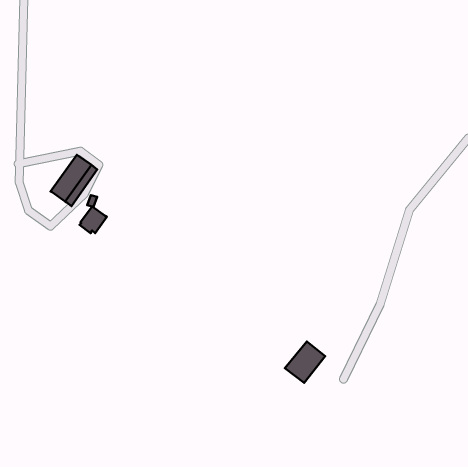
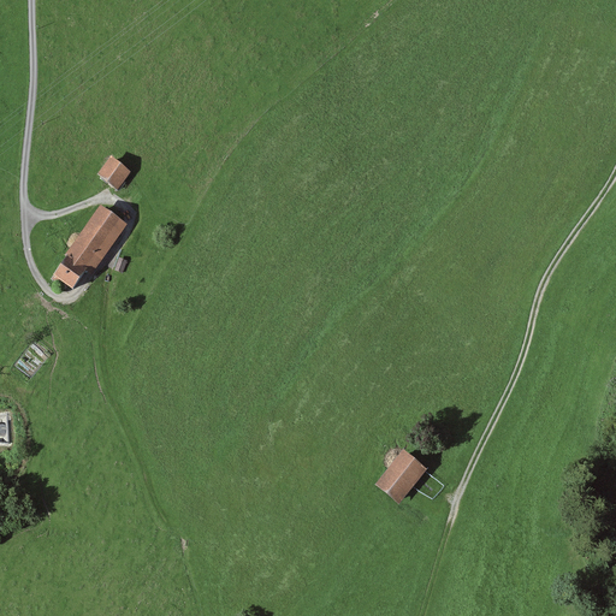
building: none -> [97,155,132,189]
building: [79,207,107,233] -> [52,253,88,288]

